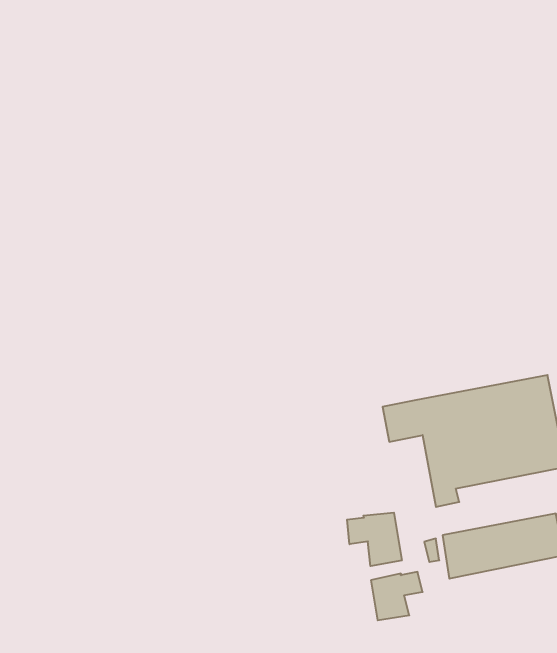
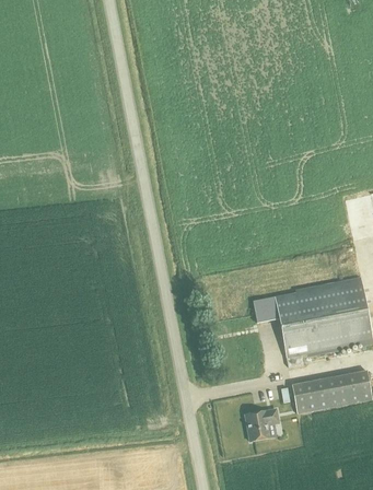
building: [347,513,402,566] -> none

